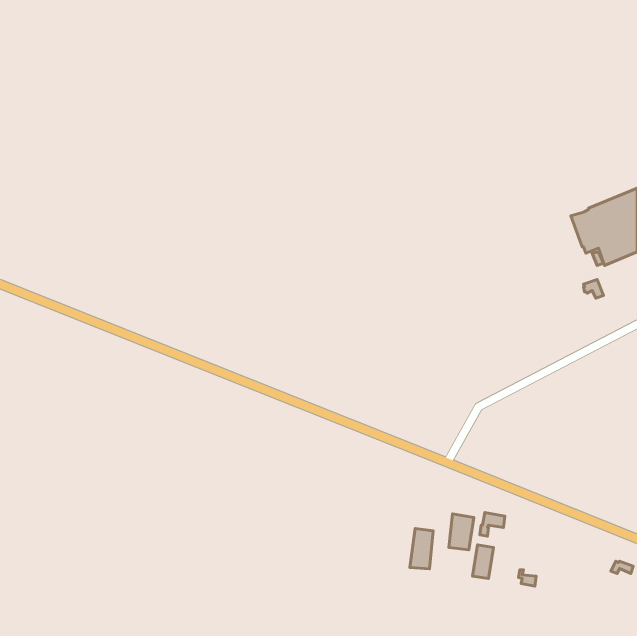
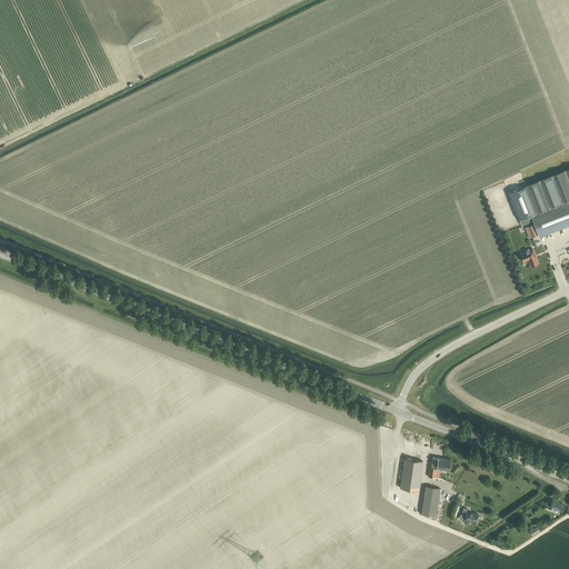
building: [410,529,433,569] -> none

